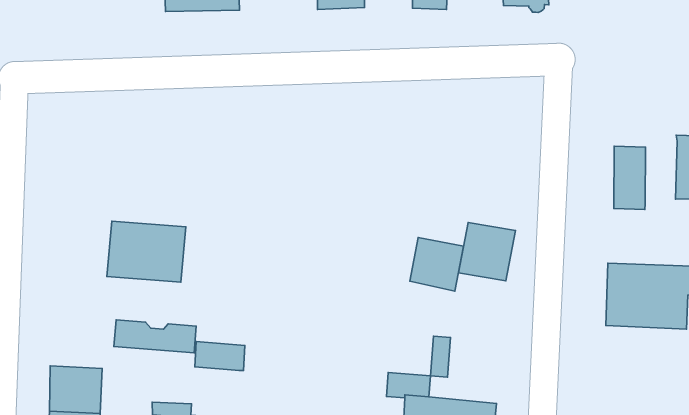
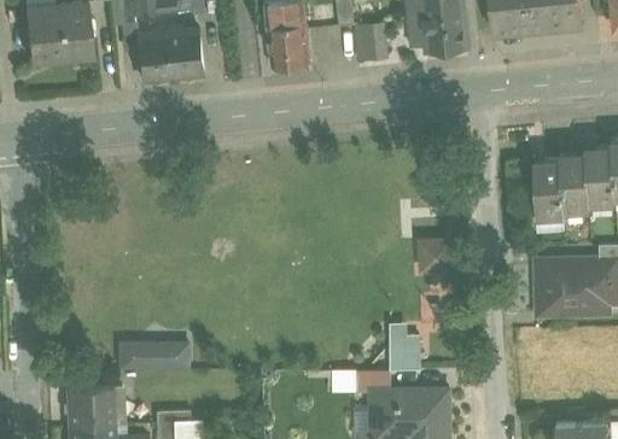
building: none -> [560,154,589,210]
building: [107,221,186,282] -> none
building: [410,238,463,291] -> none
building: [195,342,245,371] -> none

